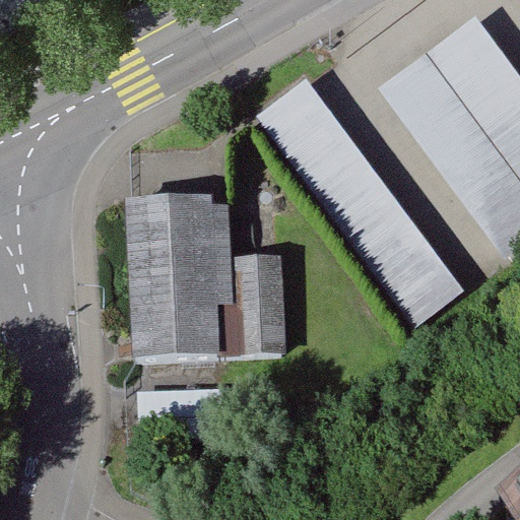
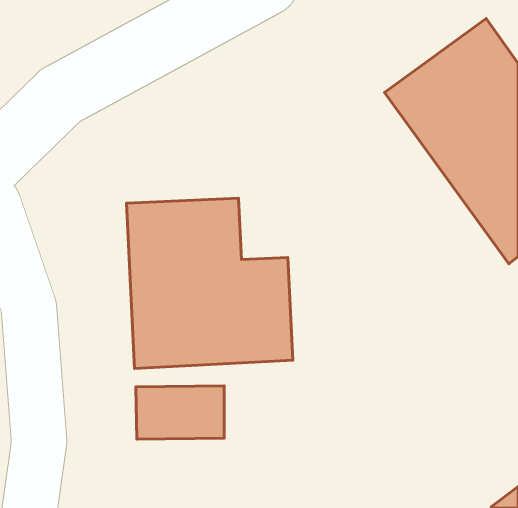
building: [257,79,464,332] -> none

